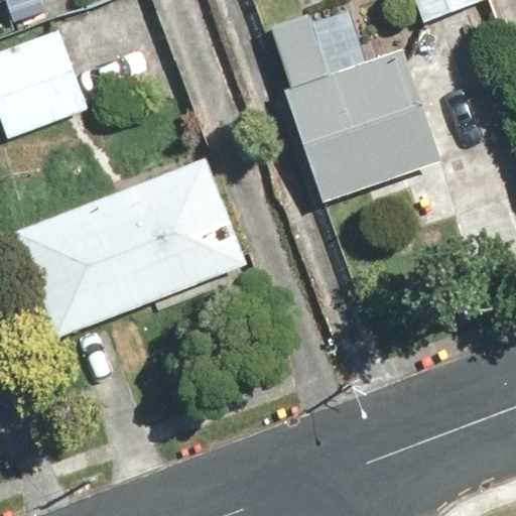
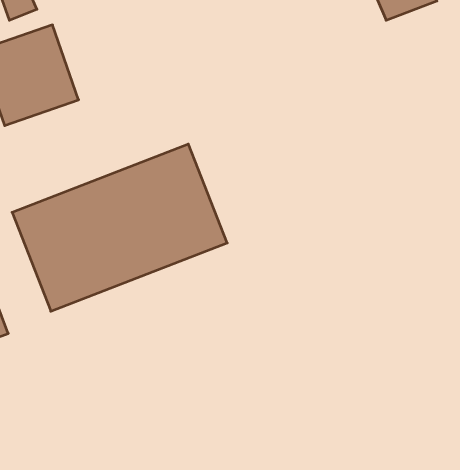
building: [271,15,445,203] -> none

